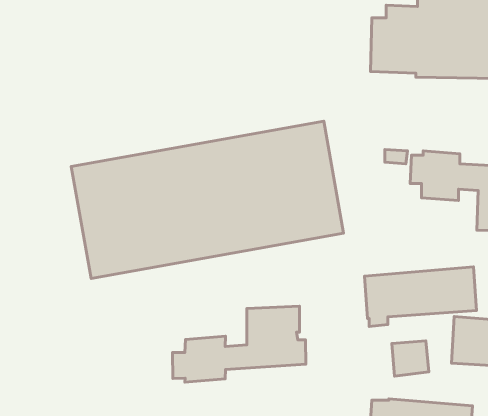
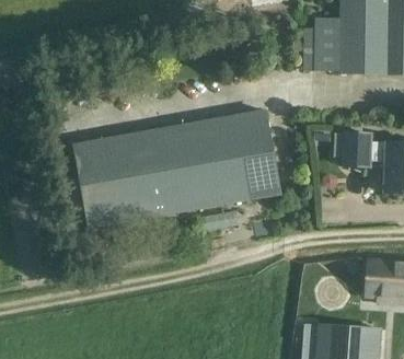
building: [365,267,476,326] -> none
building: [172,306,306,382] -> none

